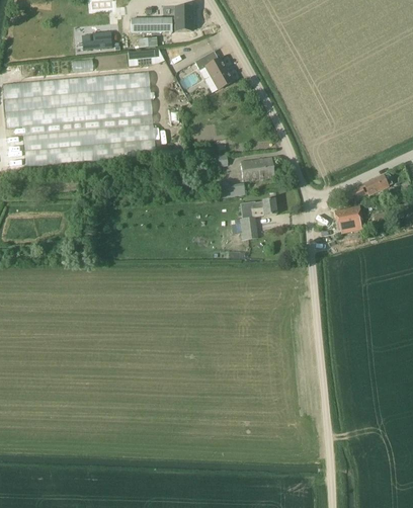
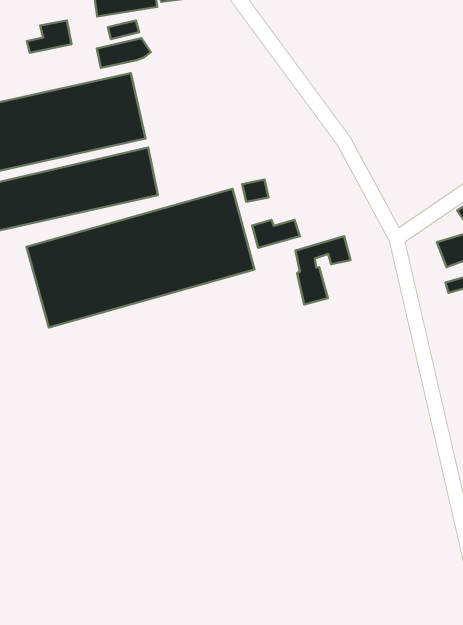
building: [194,51,233,90] -> none
building: none -> [26,189,255,327]
building: [241,158,273,180] -> none

